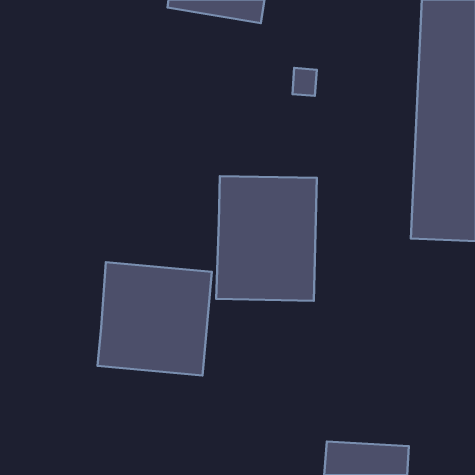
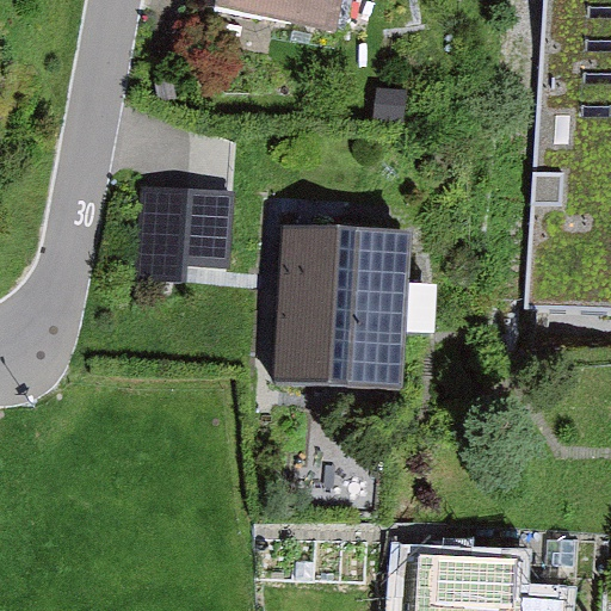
building: none -> [140,185,237,284]
building: [98,262,212,375] -> none

